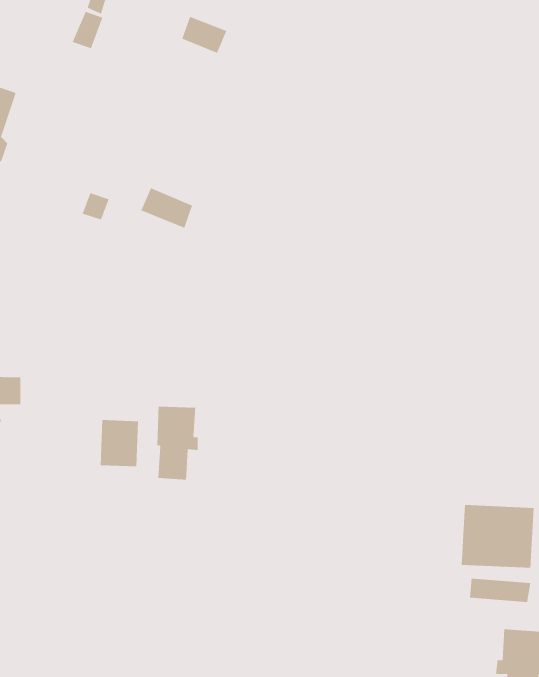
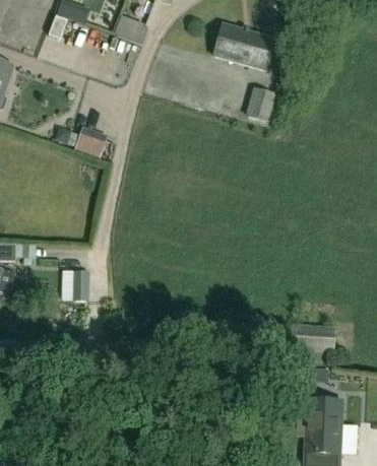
building: none -> [214,22,273,68]
building: none -> [249,86,275,120]
building: [157,406,198,480] -> none

